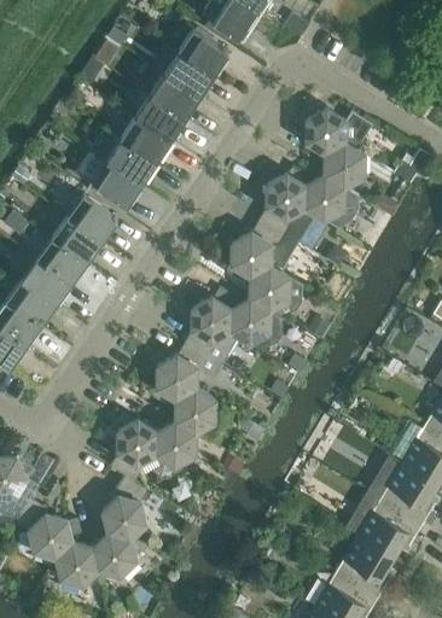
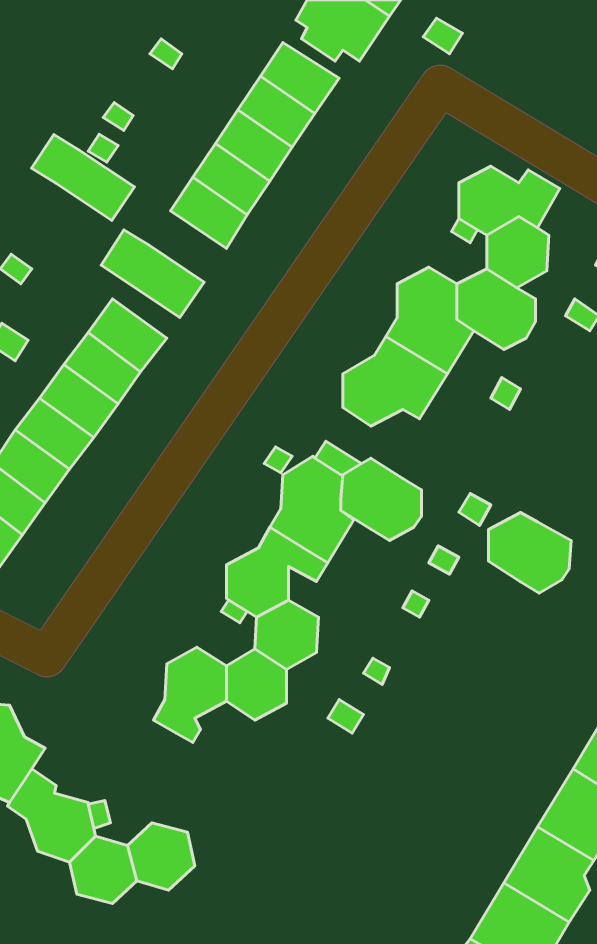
building: [91,128,157,183] -> [31,135,134,221]
building: [250,266,303,317] -> [489,513,571,593]
building: [103,474,149,538] -> none

